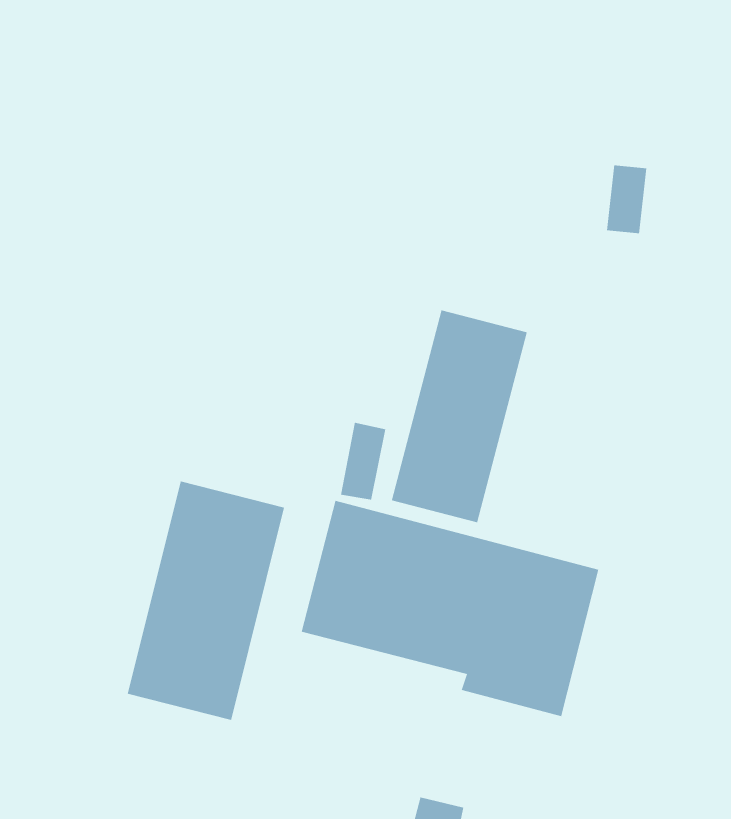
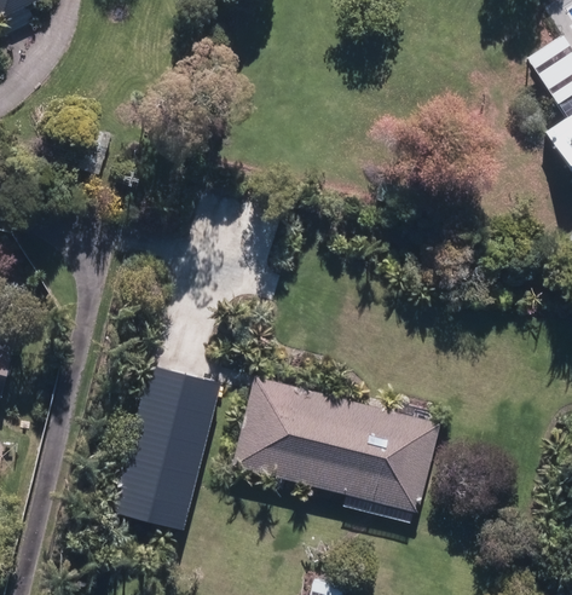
building: [391,309,528,523] -> none

